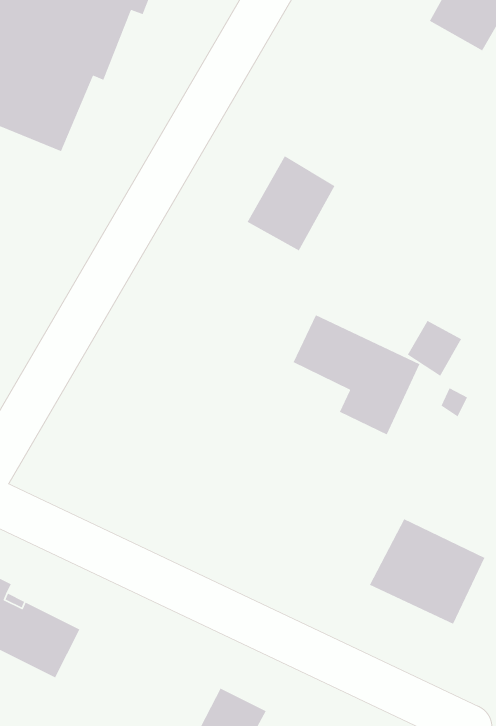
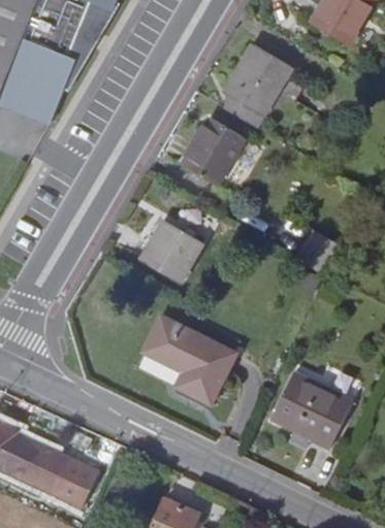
building: none -> [224,42,292,128]
building: none -> [141,222,201,283]
building: [292,314,421,435] -> [146,319,236,404]
building: none -> [47,453,99,503]

